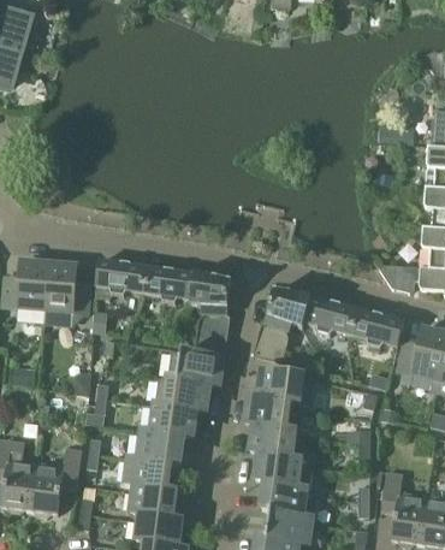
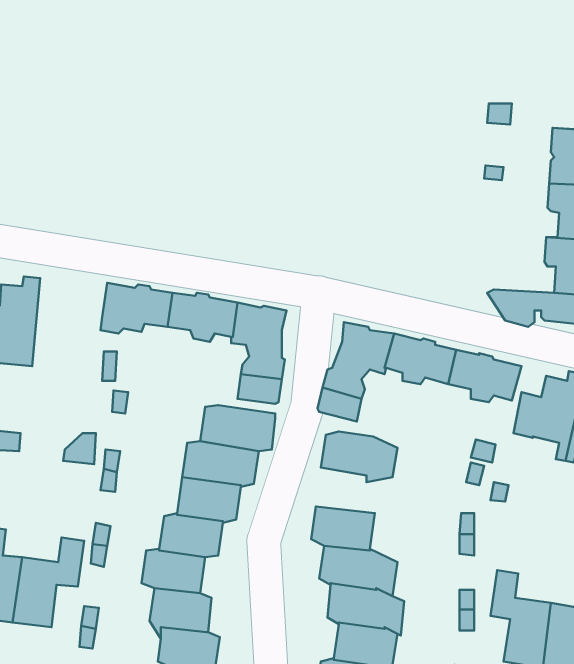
building: [43,256,89,324] -> none
building: [244,395,298,430] -> none

